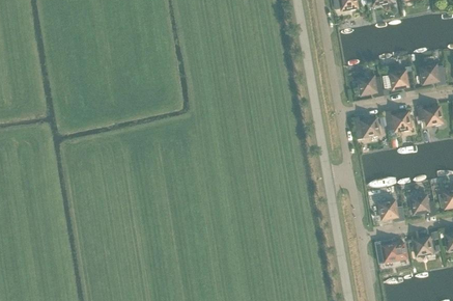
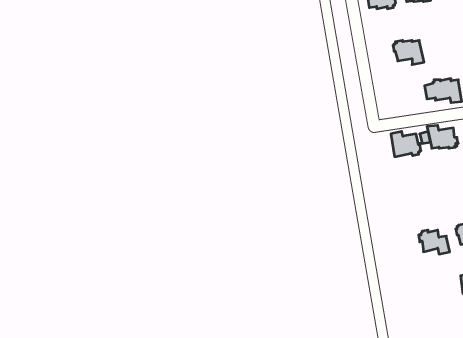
building: [357,76,384,97] -> [393,40,424,65]
building: [374,239,405,262] -> none

